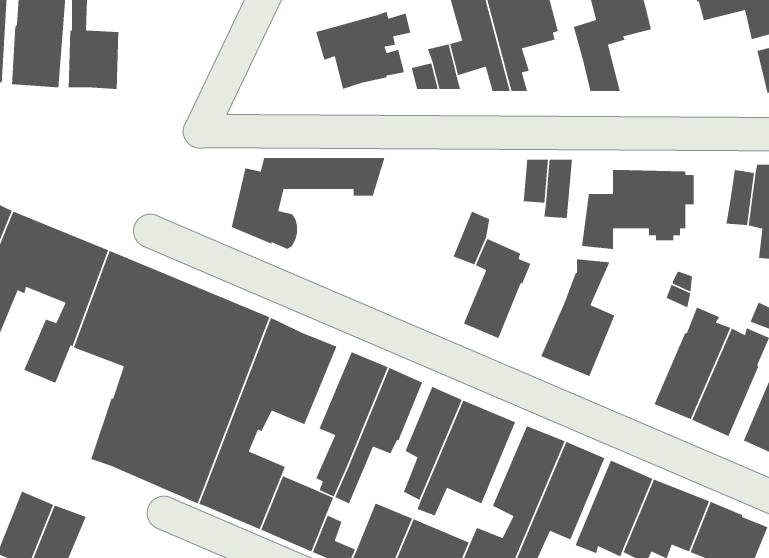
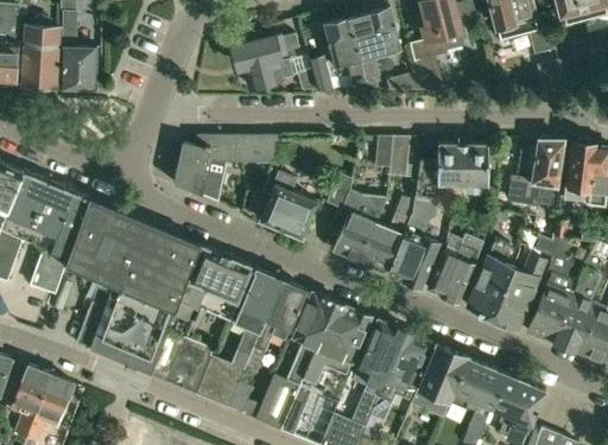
building: none -> [259,172,317,237]
building: none -> [359,197,438,272]
building: none -> [426,236,482,303]

